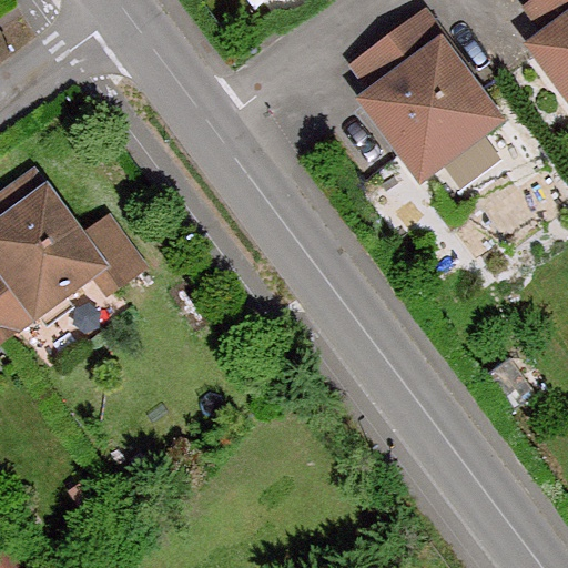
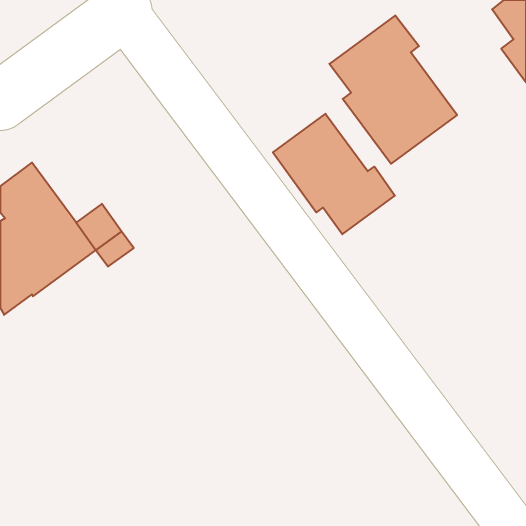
building: none -> [273,114,395,234]

